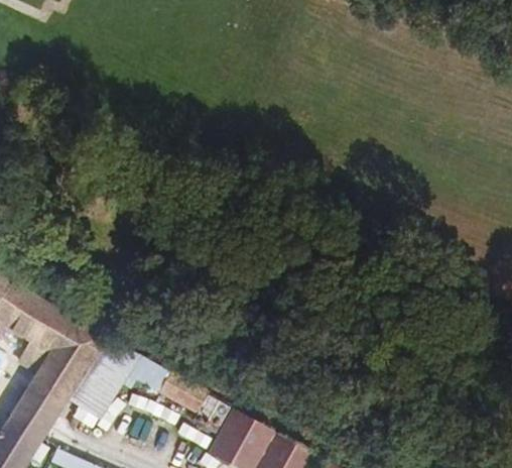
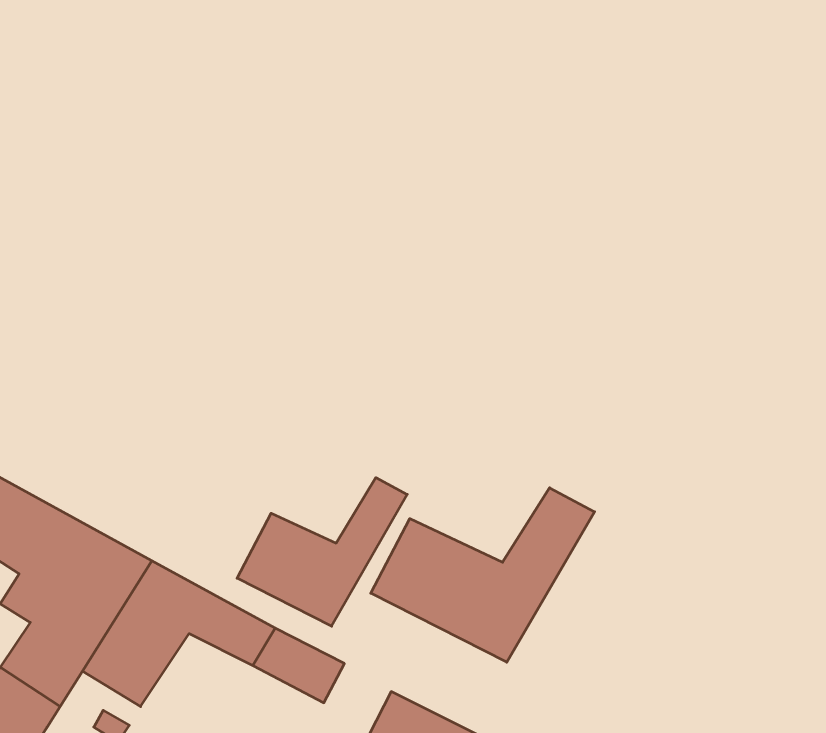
building: none -> [237,478,407,626]
building: none -> [371,488,595,662]

